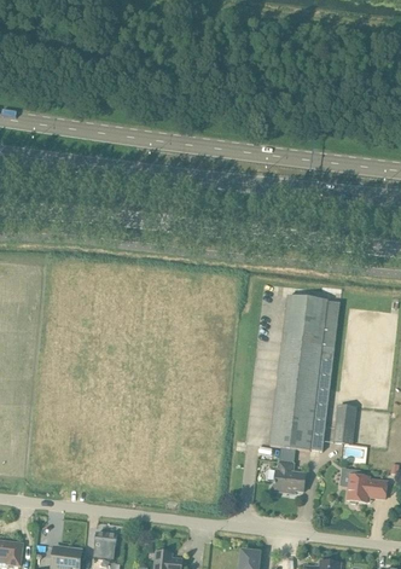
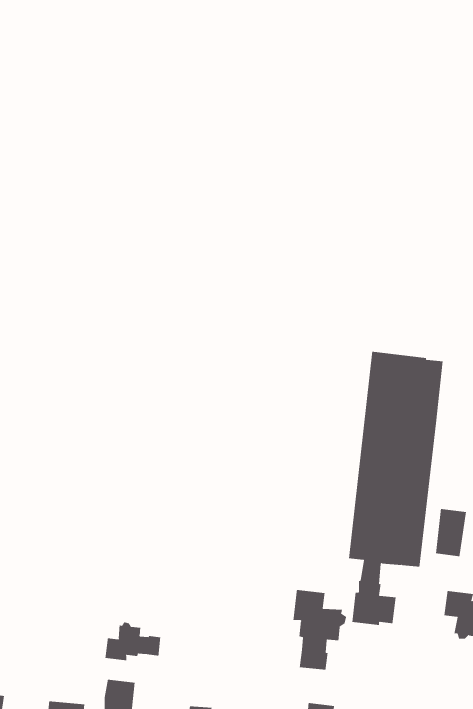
building: none -> [293,589,347,671]
building: none -> [105,621,161,661]

